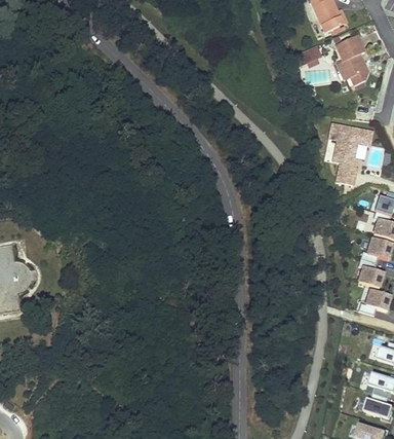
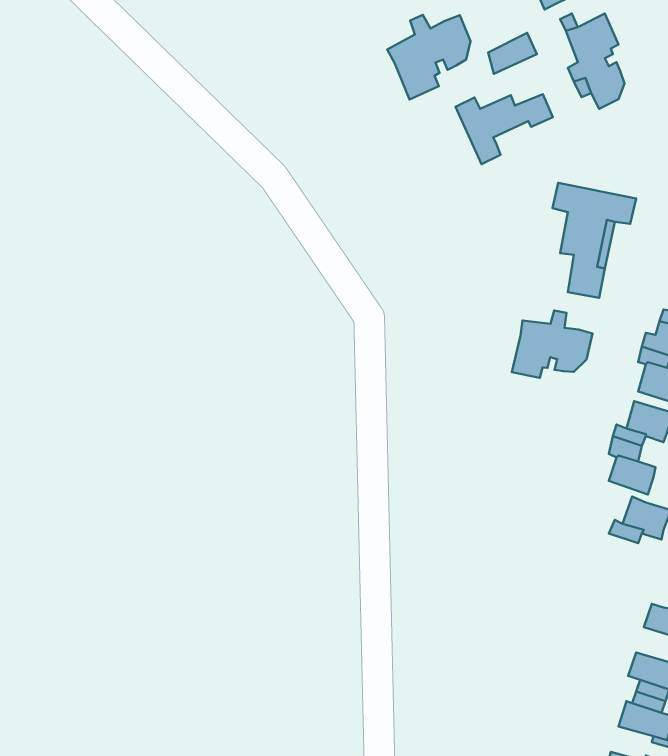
building: none -> [387,15,470,100]
building: none -> [456,94,553,164]
building: none -> [512,311,593,378]

